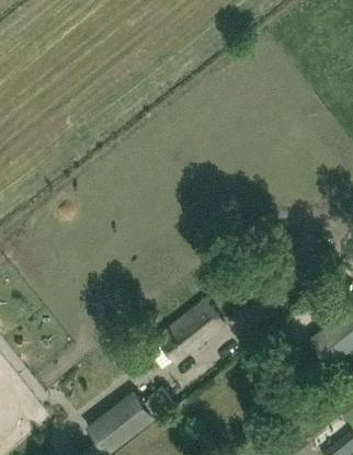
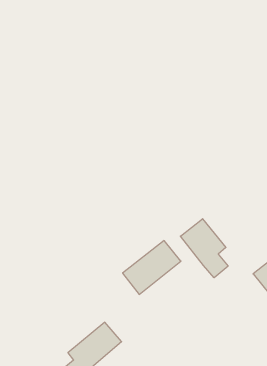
building: none -> [180,219,228,278]

